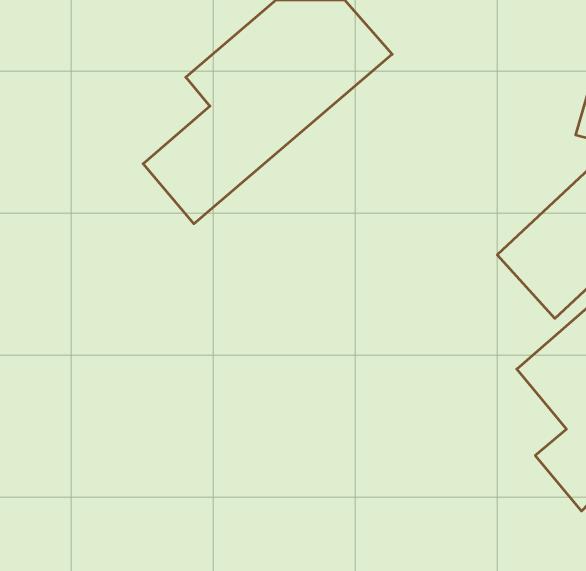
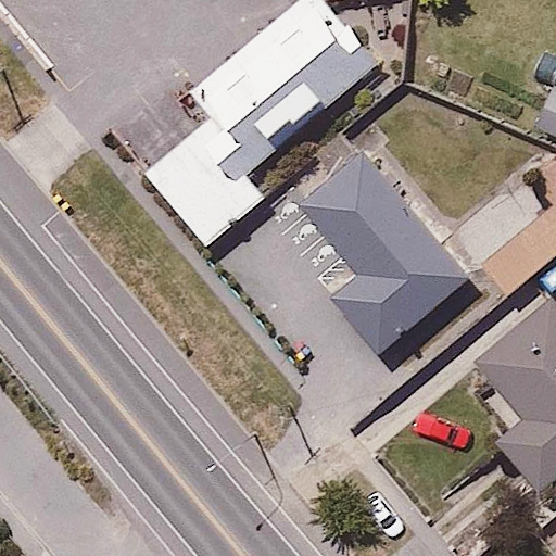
building: none -> [290,136,480,365]

